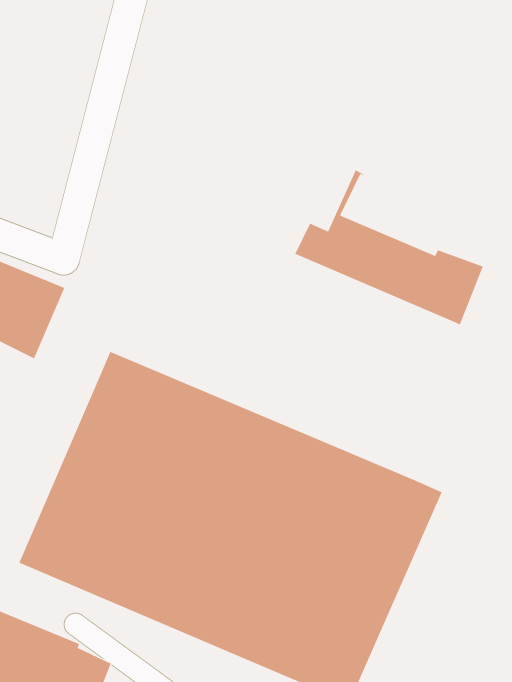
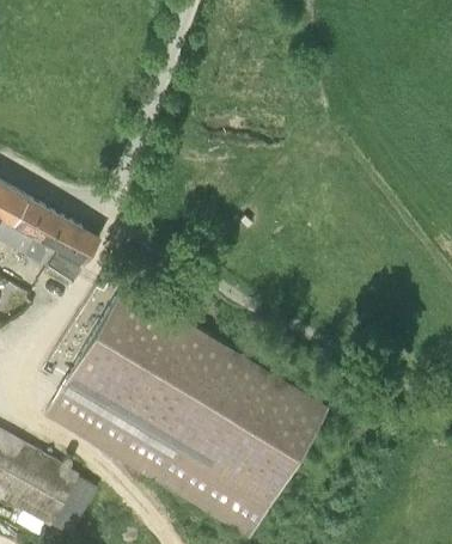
building: [295,169,484,325] -> none

